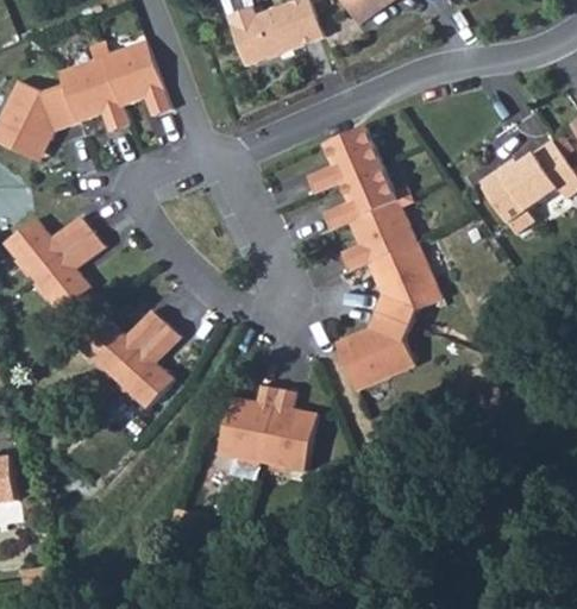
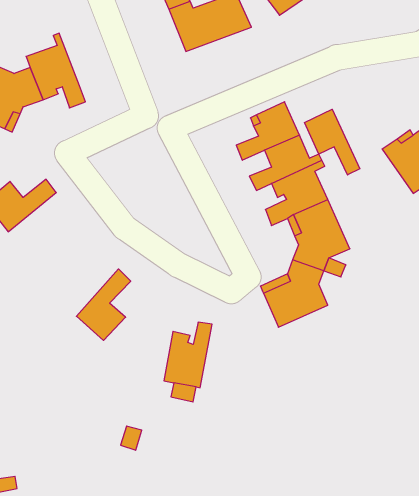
building: [96,39,170,115] -> none
building: none -> [305,109,360,175]
building: [36,232,105,312] -> none
building: [83,310,167,378] -> none
building: [263,388,316,471] -> none

